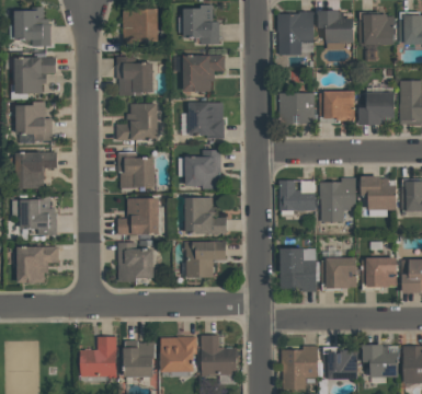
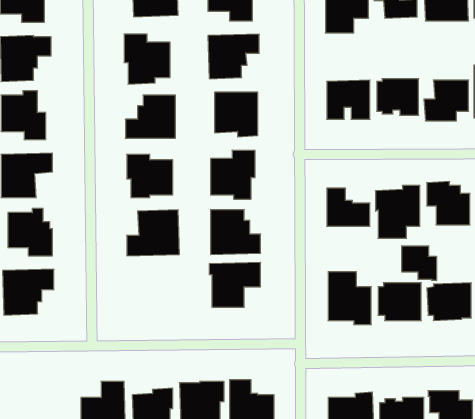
building: none -> [402,246,436,281]
building: [117,241,155,281] -> none

